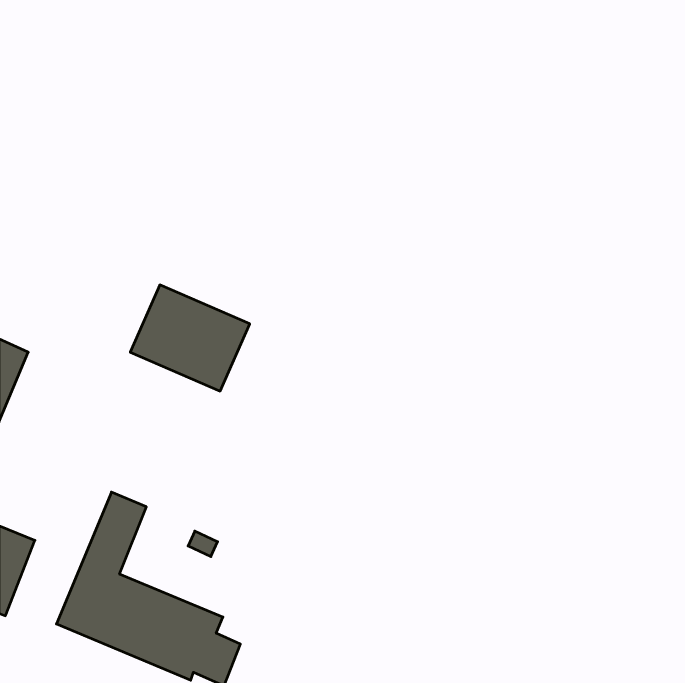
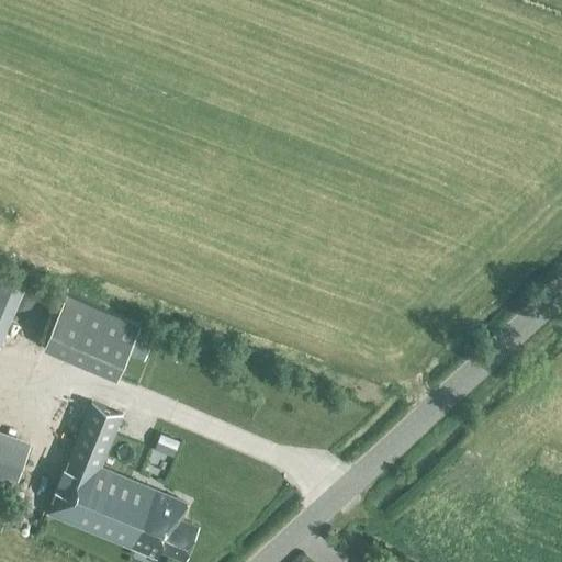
building: [130,285,250,391] -> [42,296,139,383]

